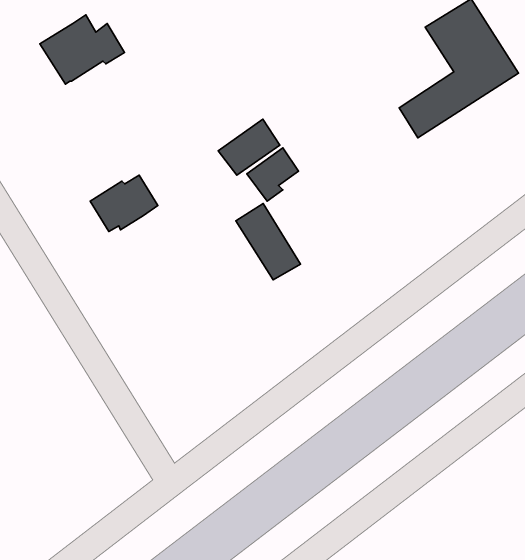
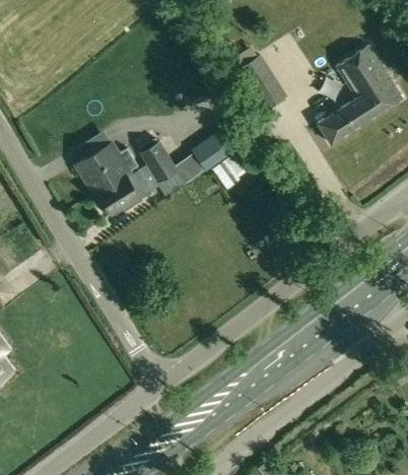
building: none -> [240,56,287,111]
building: [40,15,125,84] -> [78,142,138,191]
building: [236,204,300,280] -> [138,141,184,195]

